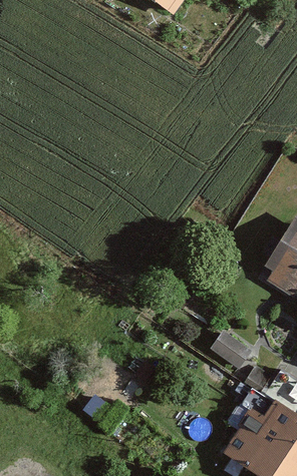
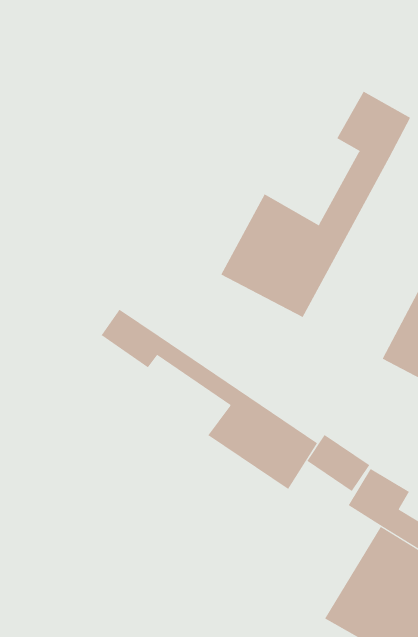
building: none -> [221,91,411,318]
building: none -> [101,309,318,490]

